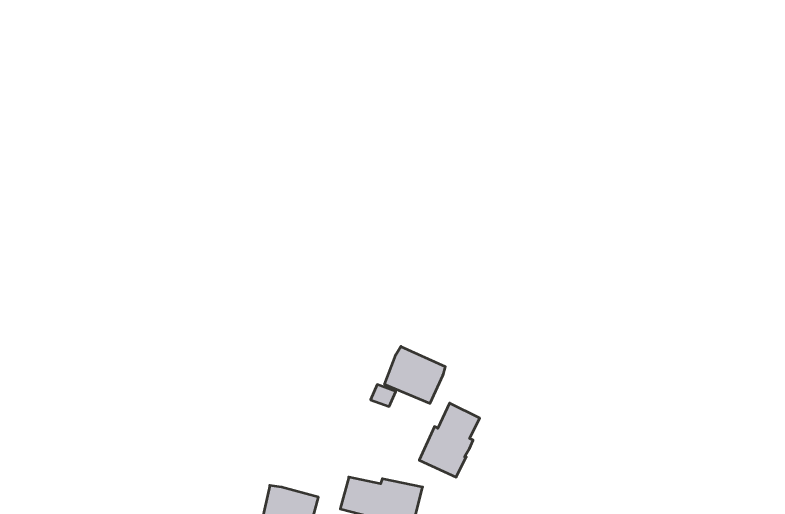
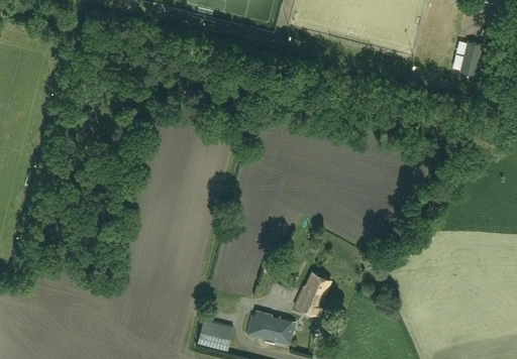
building: none -> [459,40,481,74]
building: [385,346,445,403] -> none

